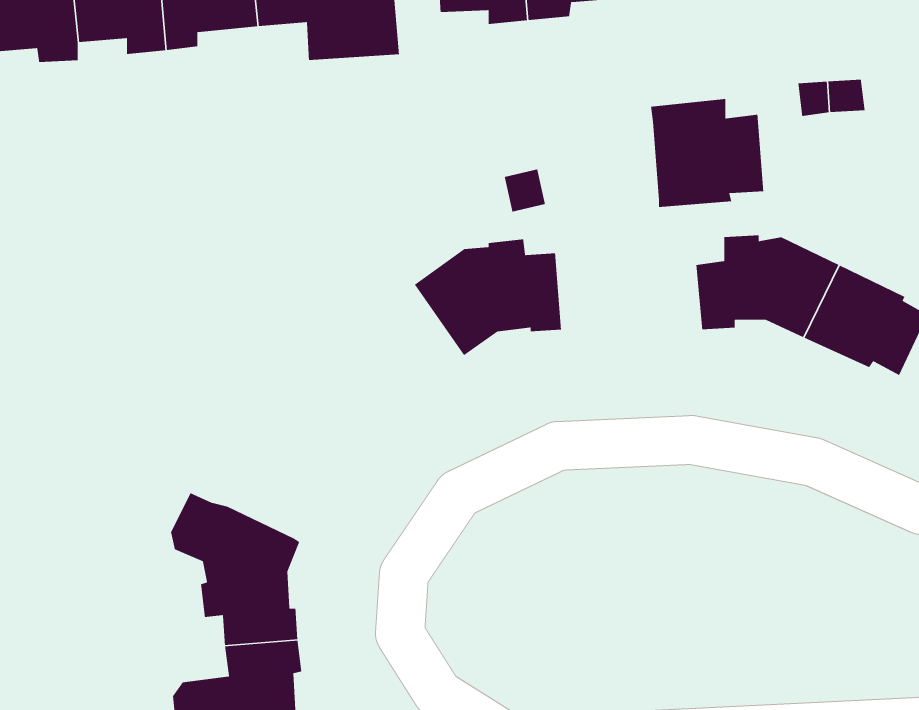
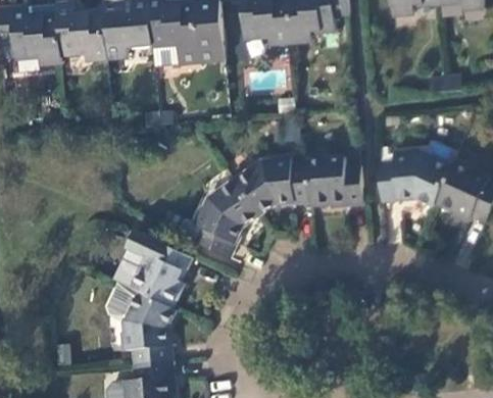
building: [650,98,764,208] -> [303,151,361,207]
building: none -> [175,180,257,259]
building: none -> [126,231,191,309]

